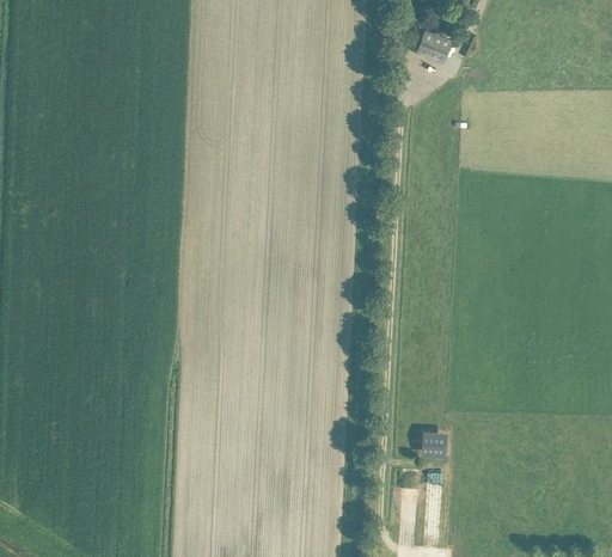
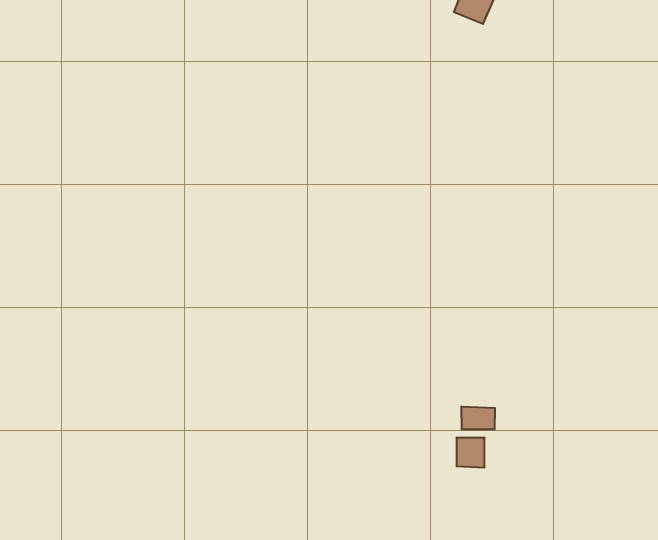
building: none -> [461,406,495,430]

